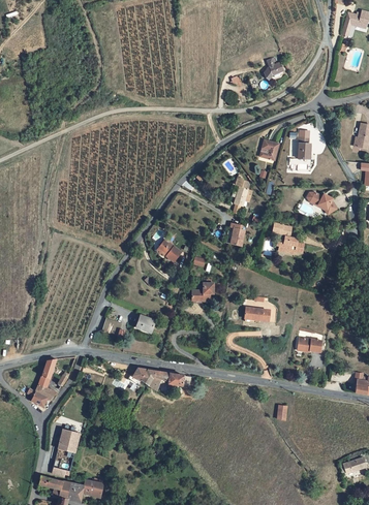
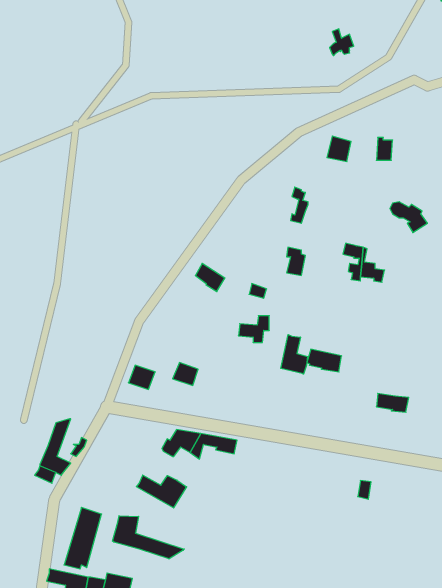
building: none -> [281,335,308,374]
building: none -> [136,475,187,508]
building: none -> [113,516,184,559]

